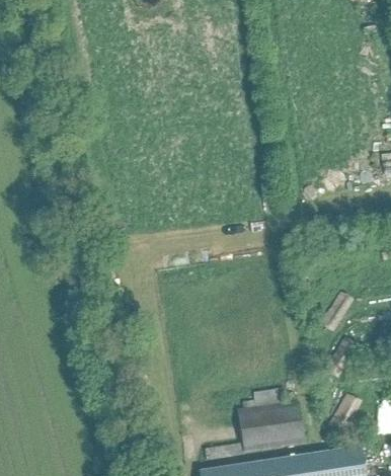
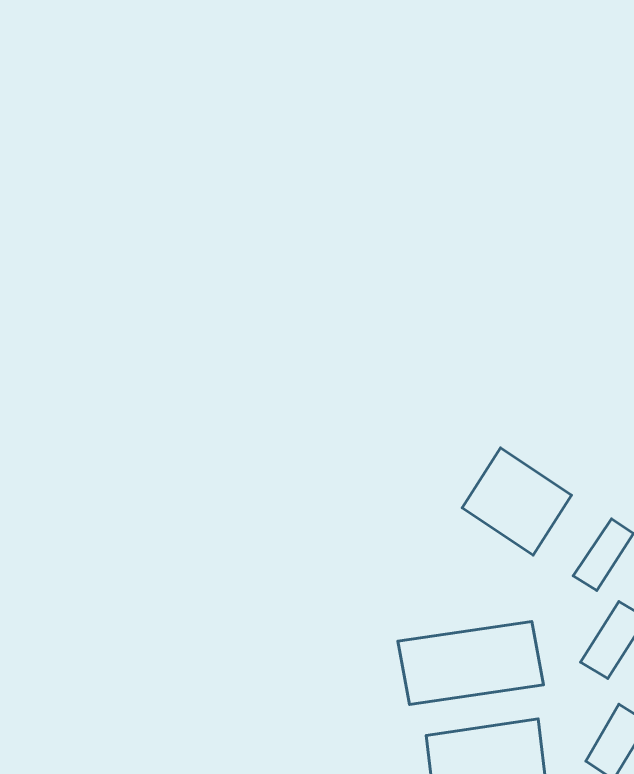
building: none -> [462,448,571,555]
building: none -> [398,622,543,705]

